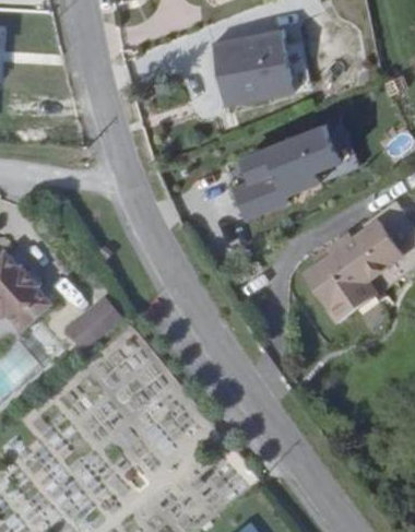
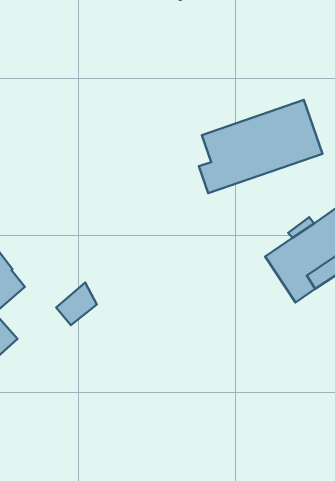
building: [207,17,293,107] -> none

